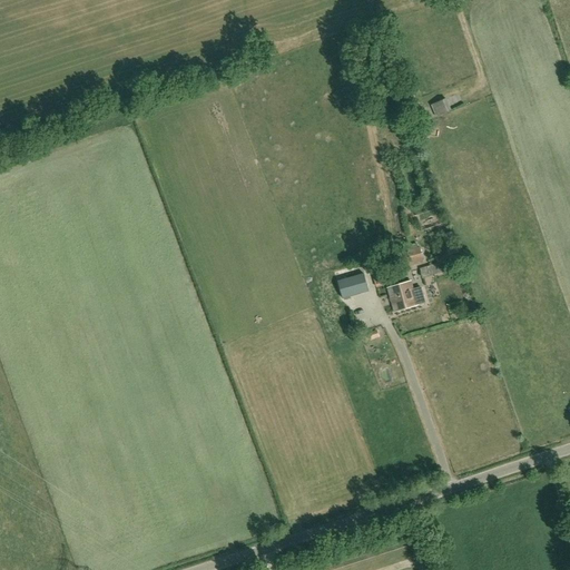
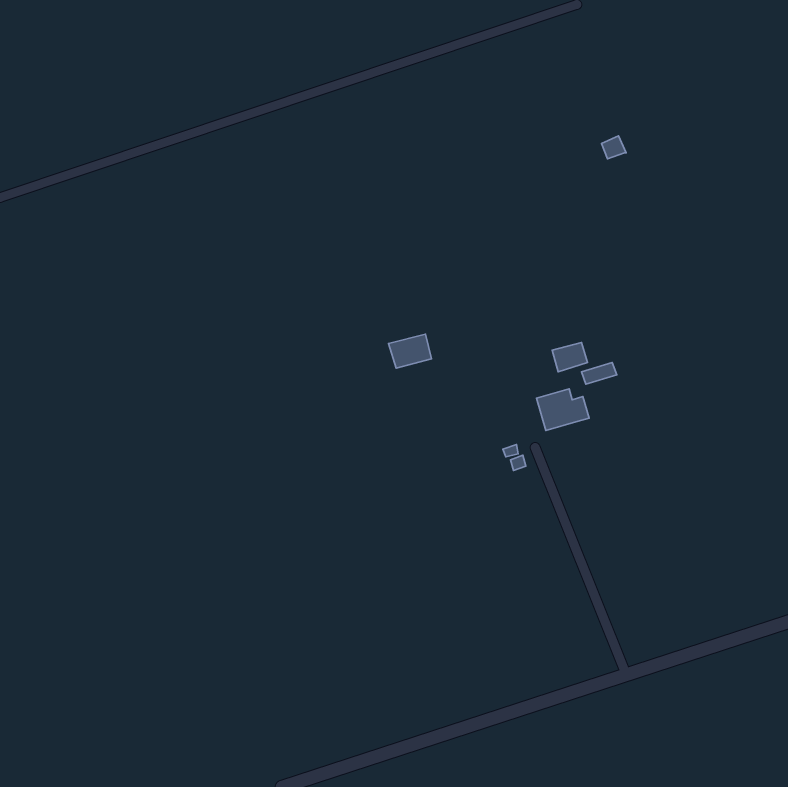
building: [337,273,368,297] -> [388,334,432,368]

